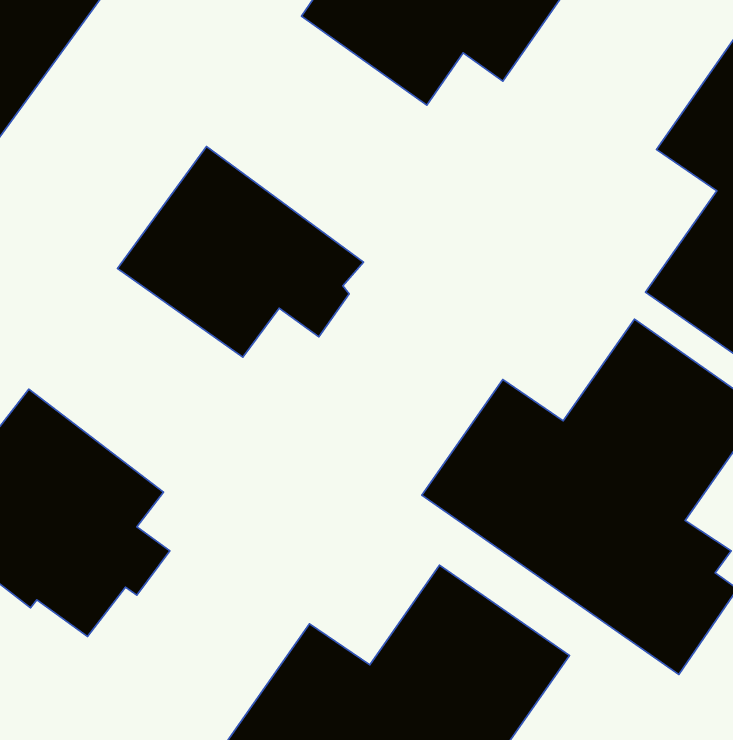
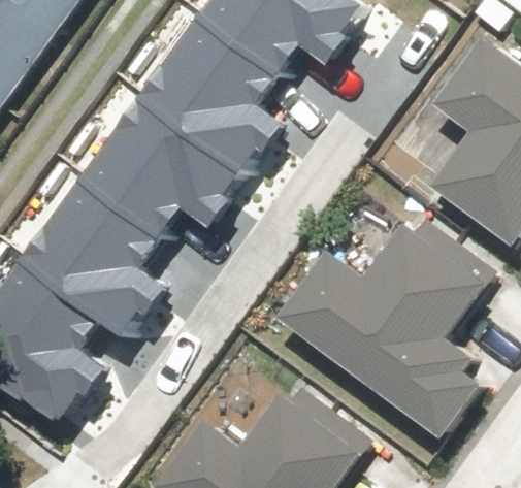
building: none -> [139,13,283,173]
building: none -> [24,177,181,336]

